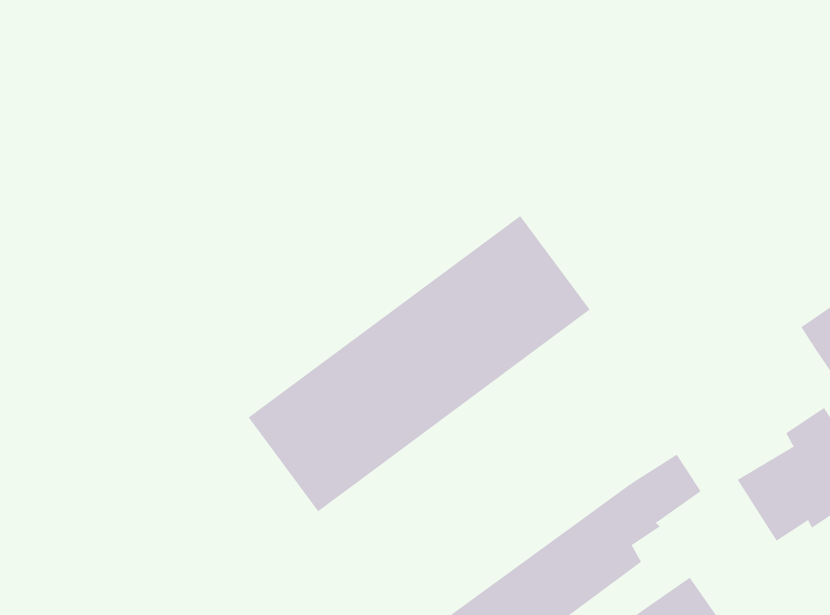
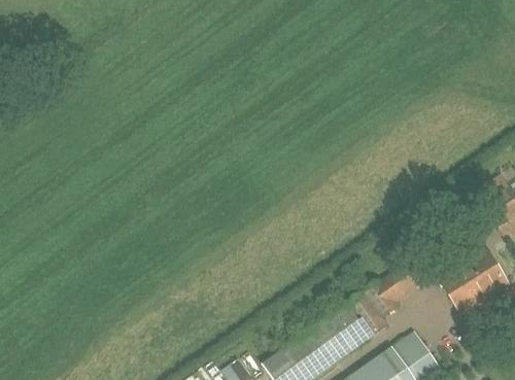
building: [248,215,591,512] -> none

